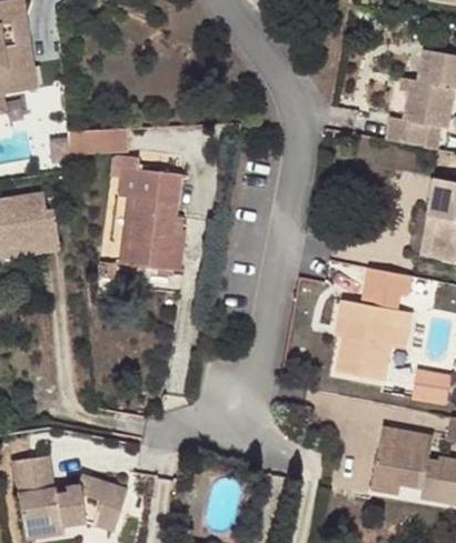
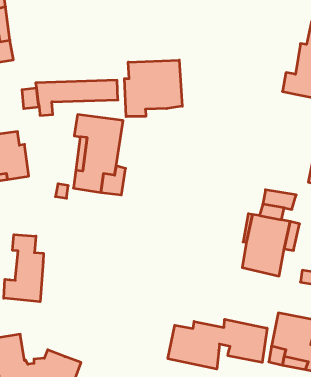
building: none -> [124,60,182,117]
building: none -> [4,235,43,302]
building: none -> [168,319,267,369]

